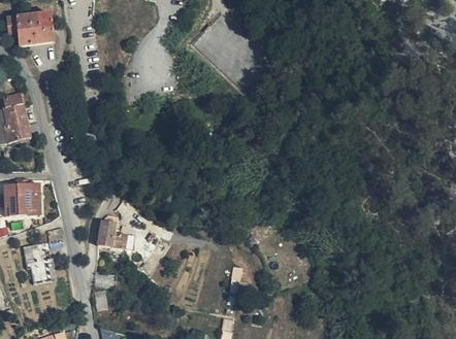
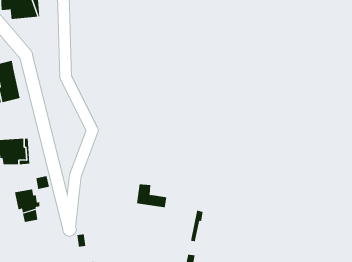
building: [98,222,134,249] -> [136,184,167,208]

